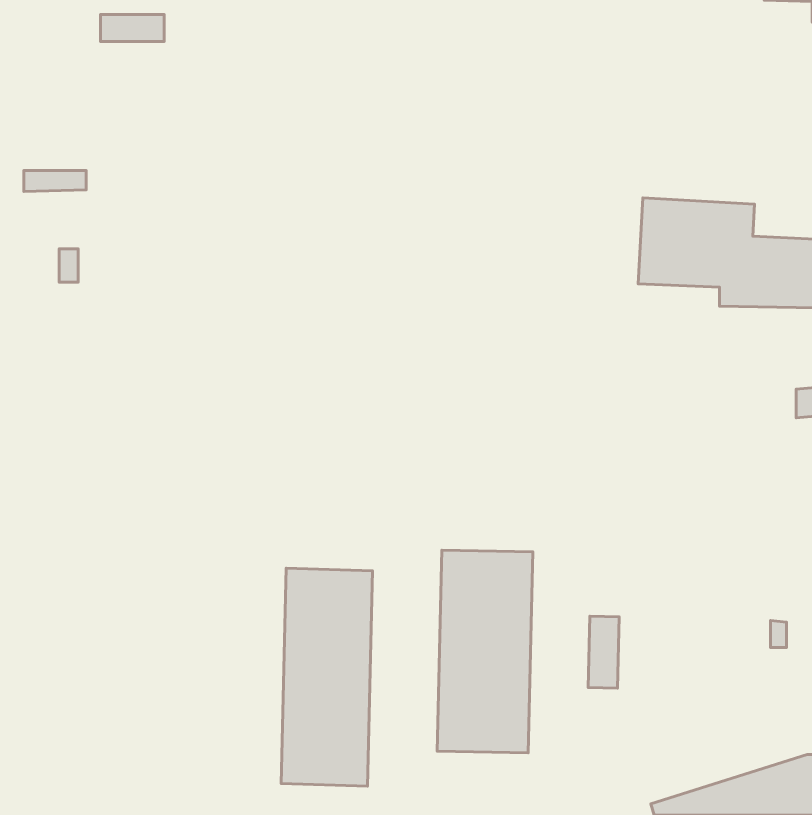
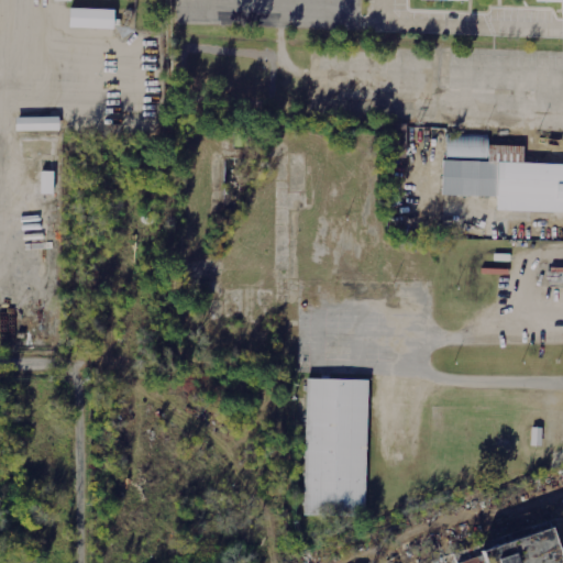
building: [281,568,373,786] -> none
building: [588,616,619,688] -> none

